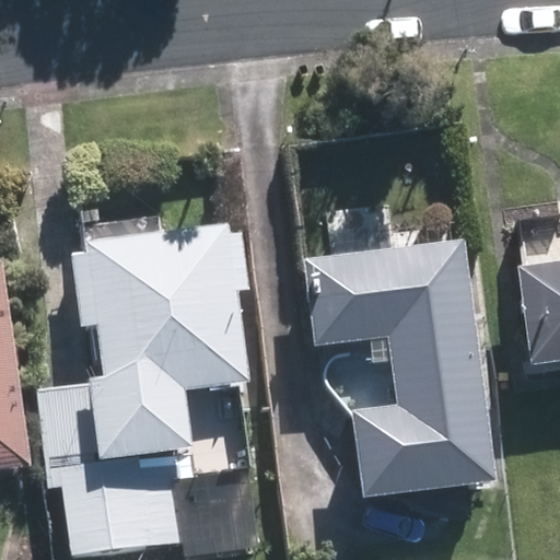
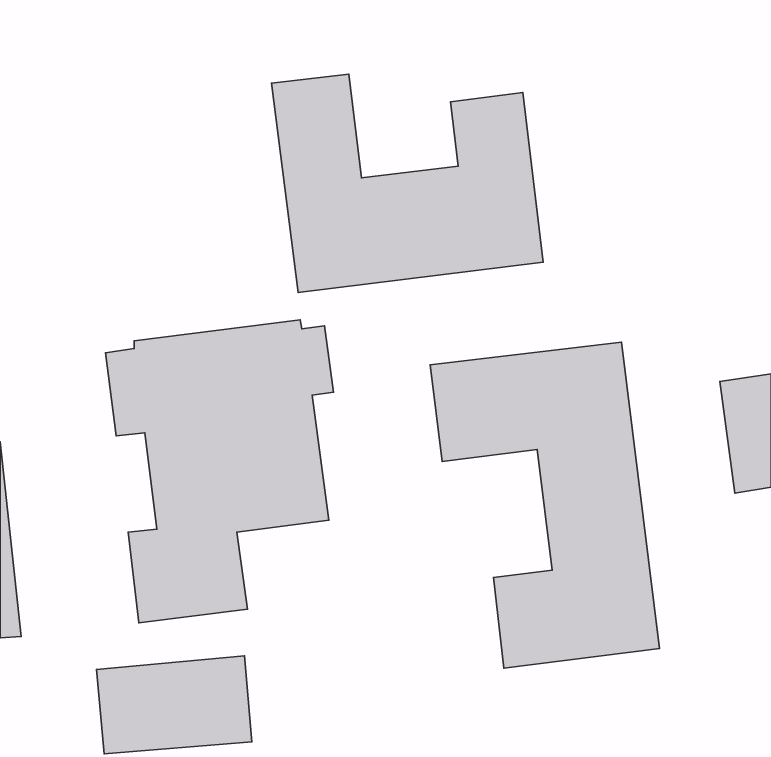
building: none -> [272,74,543,292]

